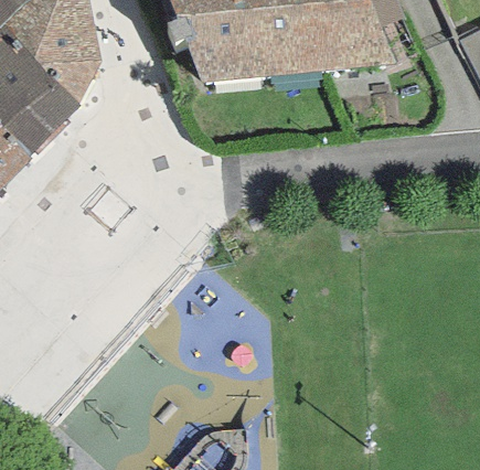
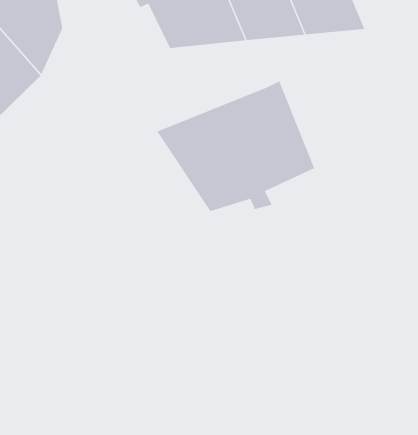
building: none -> [157,80,315,212]

